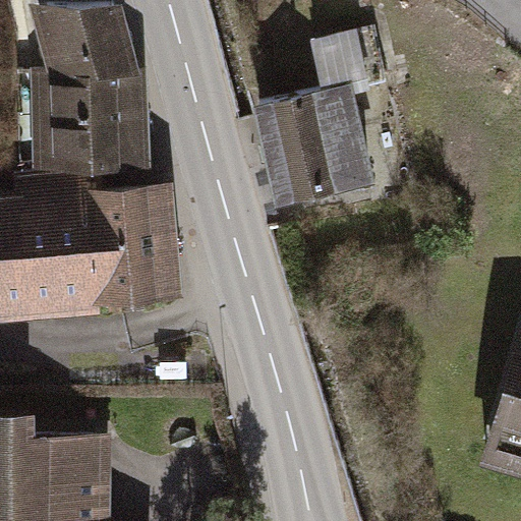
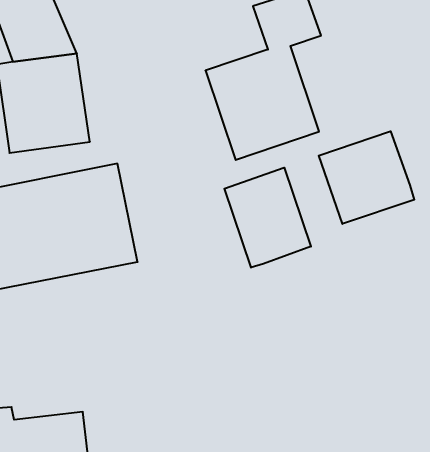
building: none -> [319,131,414,224]
building: none -> [224,168,311,268]

